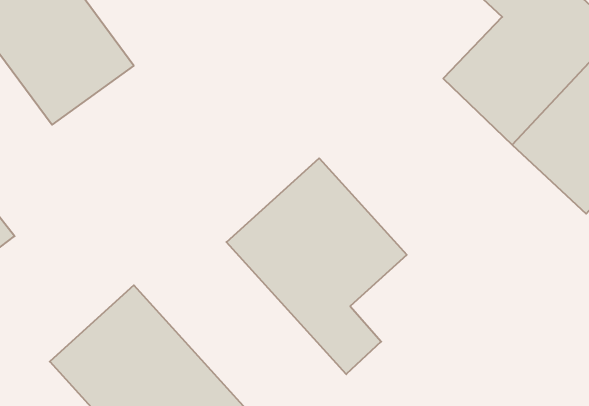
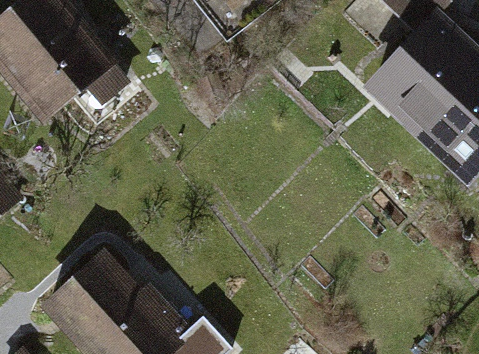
building: [226,158,407,374] -> none

